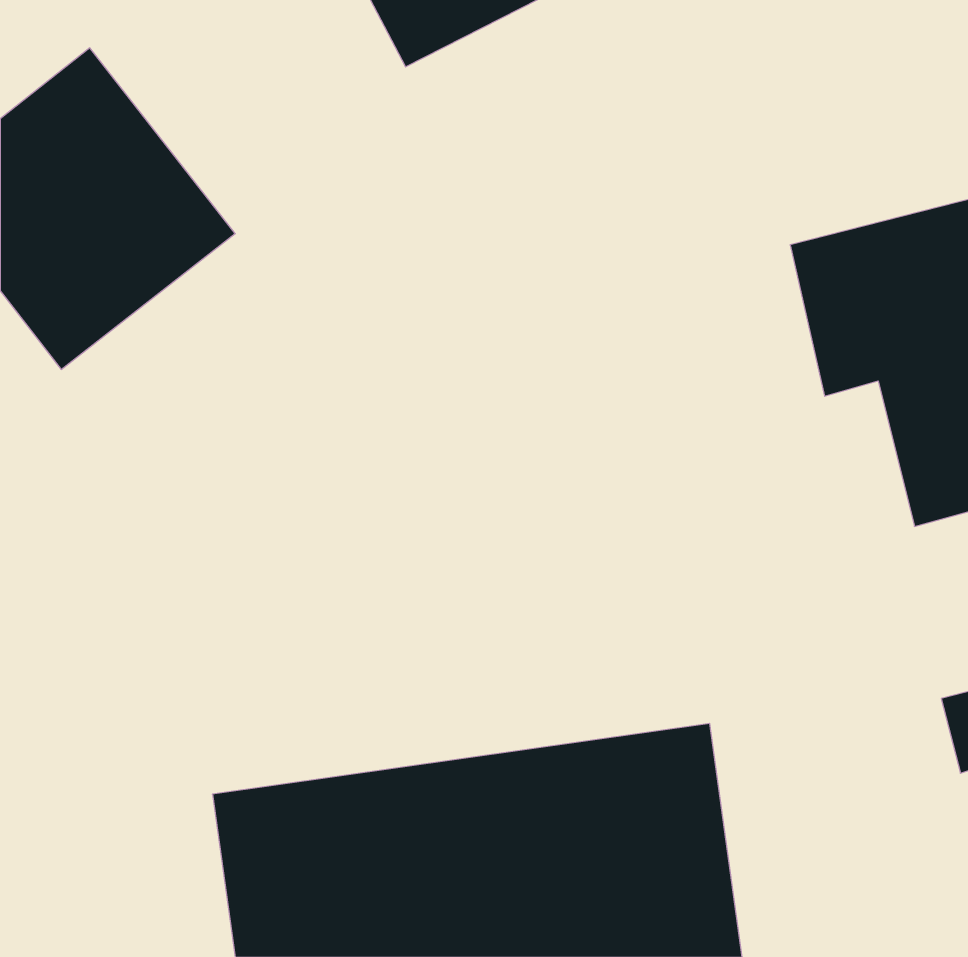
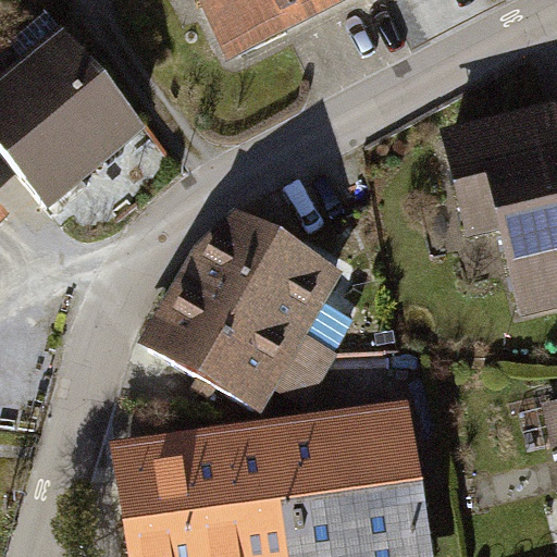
building: none -> [157,210,341,408]

